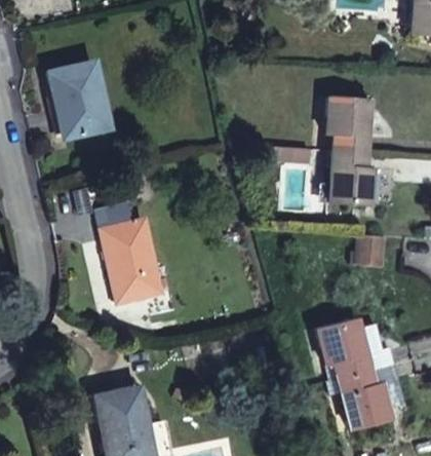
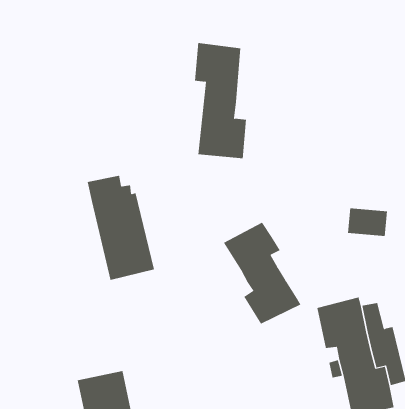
building: [53,64,114,139] -> none
building: [323,100,373,208] -> [194,43,247,159]
building: none -> [223,222,301,324]

